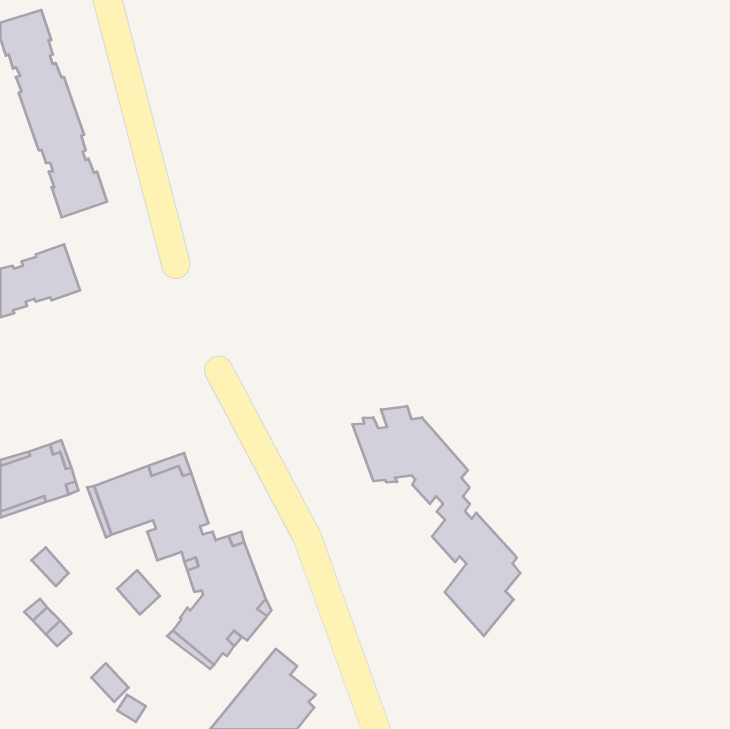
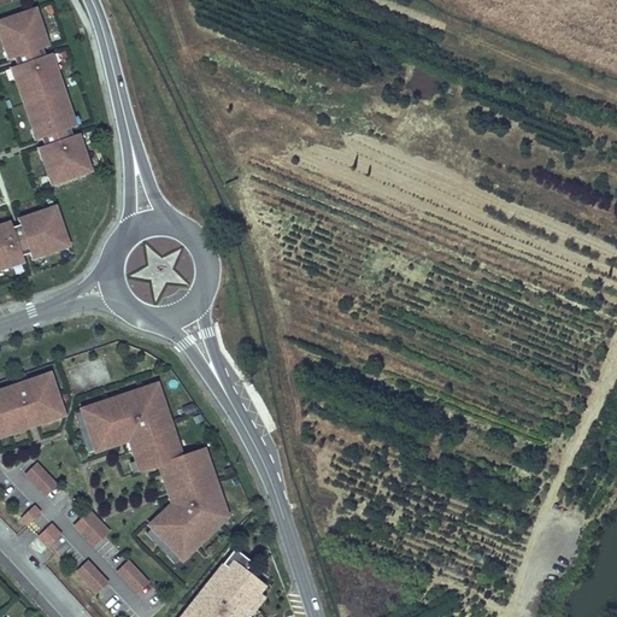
building: [352,406,520,636] -> none
building: [117,570,160,614] -> [75,509,111,546]
building: none -> [117,558,149,592]

